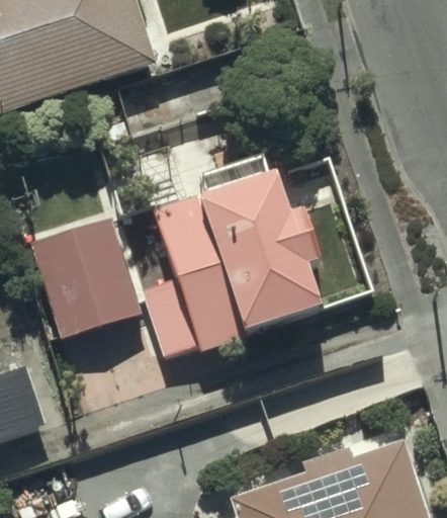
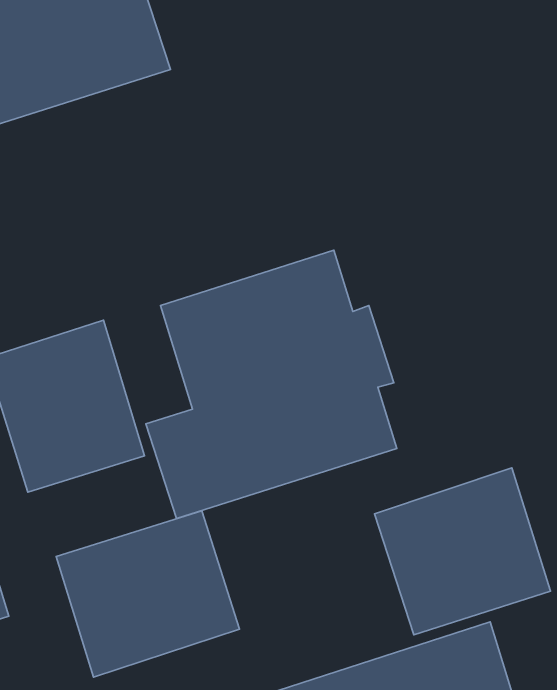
building: none -> [375,468,551,635]
building: none -> [56,511,240,677]

